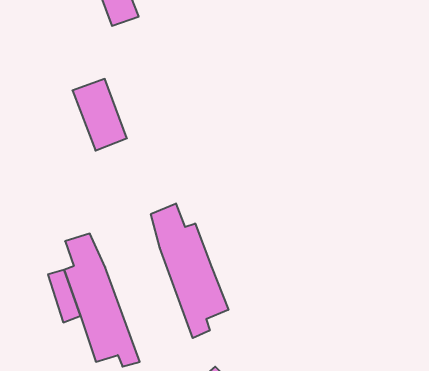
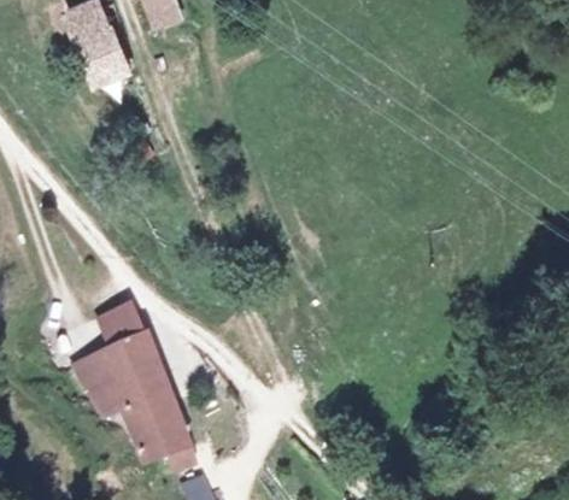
building: [72,79,127,151] -> [69,12,137,102]
building: [151,203,228,338] -> none

